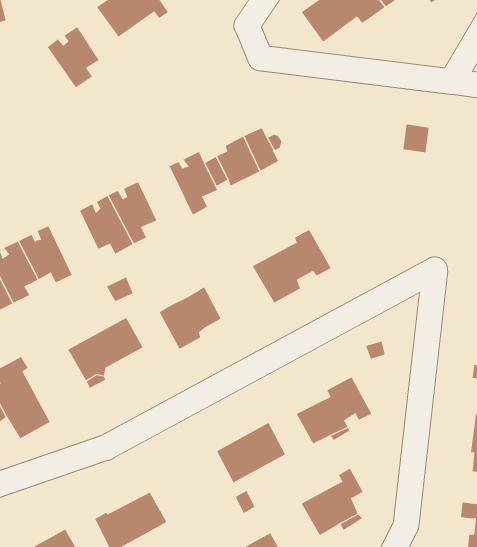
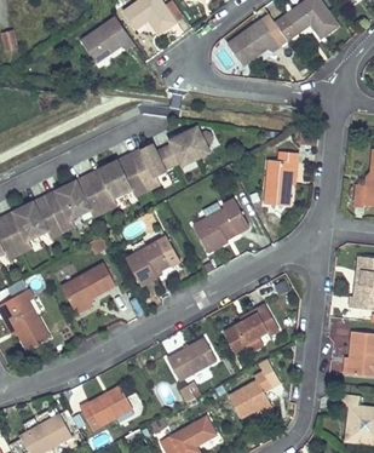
building: [47,26,99,88] -> none
building: none -> [264,150,298,206]
building: none -> [111,154,150,195]
building: none -> [47,185,82,231]

